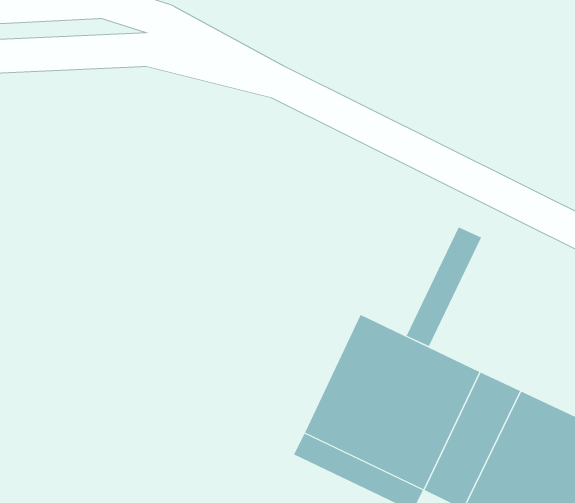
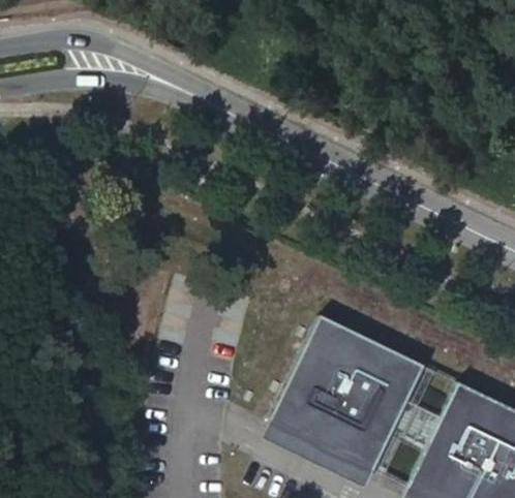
building: [406,226,482,347] -> none

